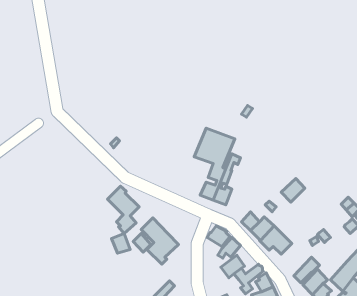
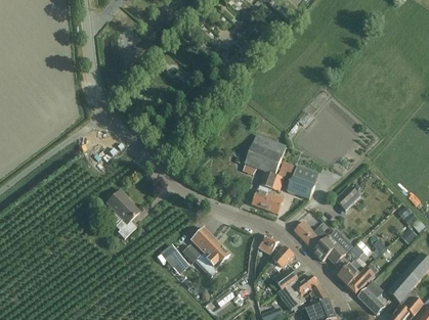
building: none -> [288,164,319,199]
building: [108,186,139,234] -> [106,189,139,238]
building: none -> [336,254,364,287]

